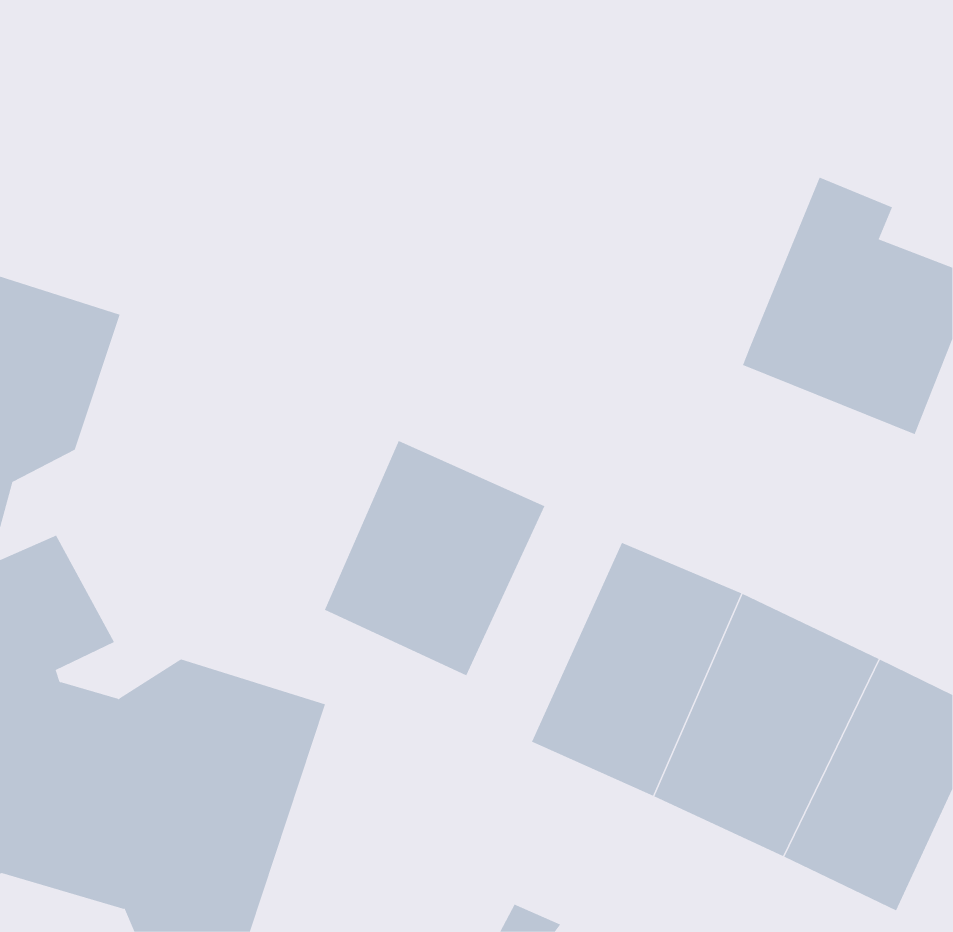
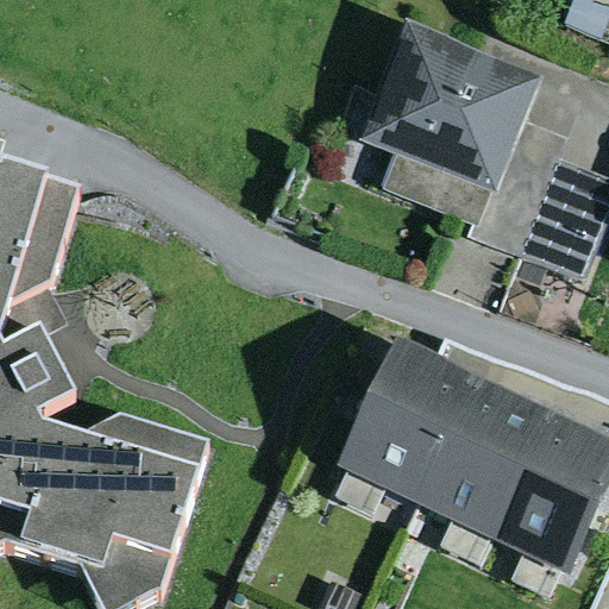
building: none -> [354,21,532,219]
building: [324,440,545,676] -> none

